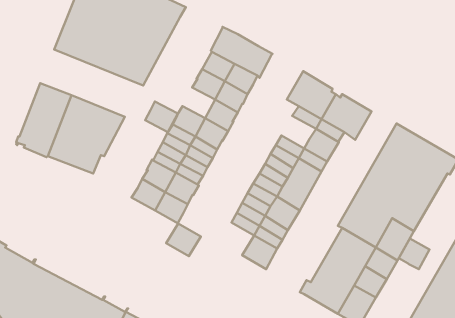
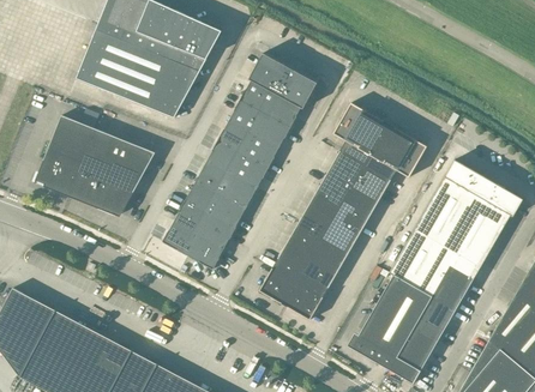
building: [145,102,178,132] -> [218,120,254,153]
building: none -> [327,151,366,187]
building: [166,224,201,256] -> [259,269,297,304]
building: [399,239,430,269] -> none

